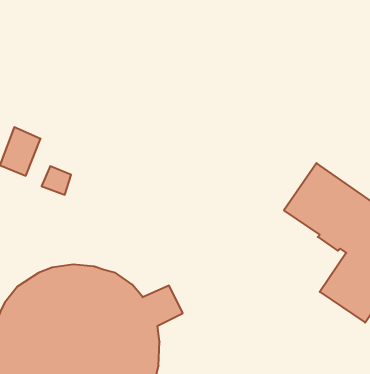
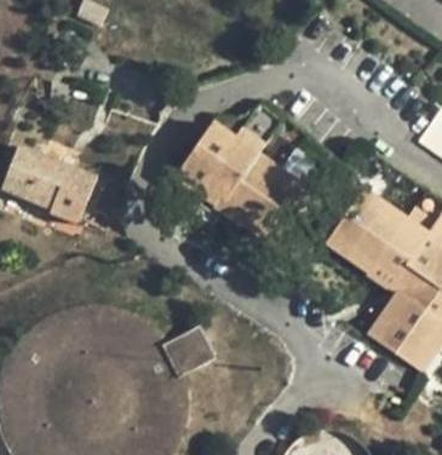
building: none -> [177,123,302,237]
building: none -> [34,160,97,209]

